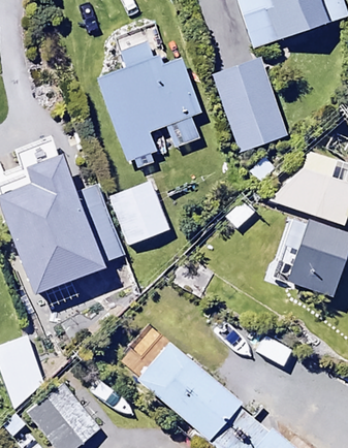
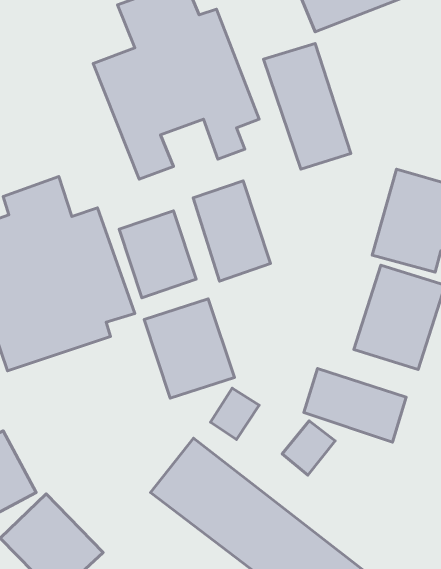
building: none -> [193,181,271,281]
building: none -> [144,299,234,398]
building: none -> [304,369,406,442]

